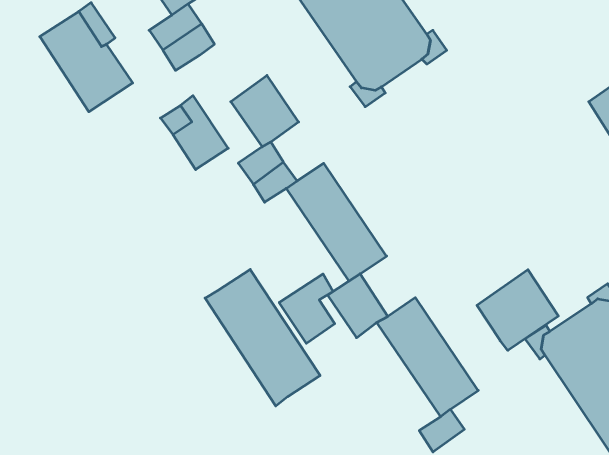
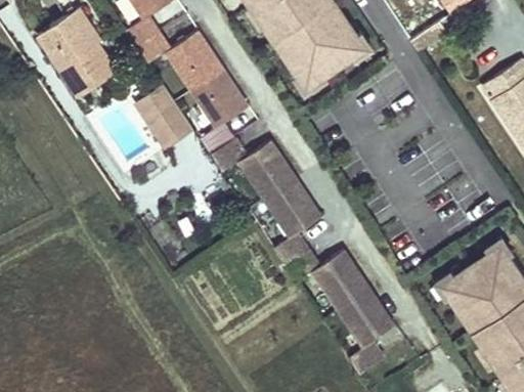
building: none -> [168,32,223,90]
building: [205,269,320,406] -> none
building: [477,270,558,350] -> none
building: [279,274,335,343] -> none

